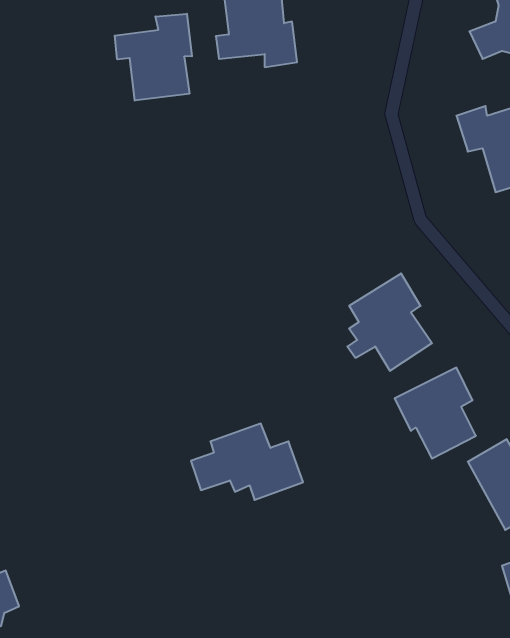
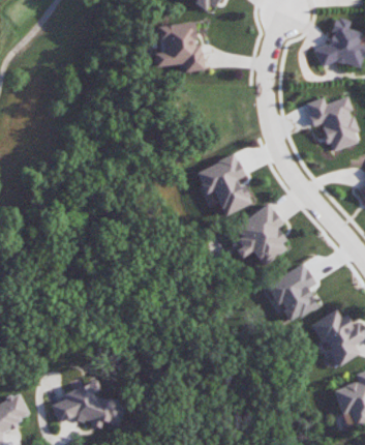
building: [115,14,192,101] -> none
building: none -> [195,154,252,216]
building: [191,424,303,500] -> [51,381,122,429]

